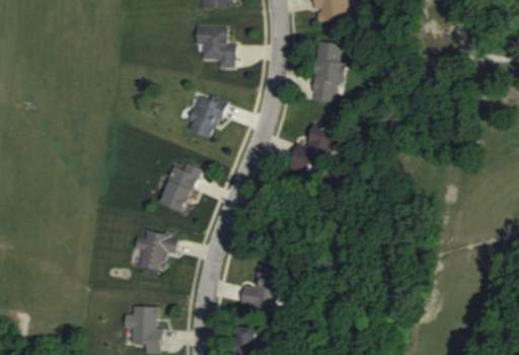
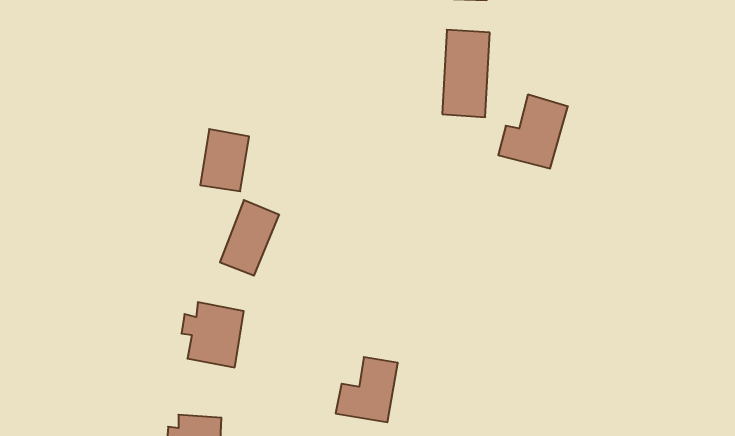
building: [195,26,234,67] -> none
building: [189,93,222,136] -> [200,129,249,191]
building: [291,123,339,173] -> [498,95,568,169]

